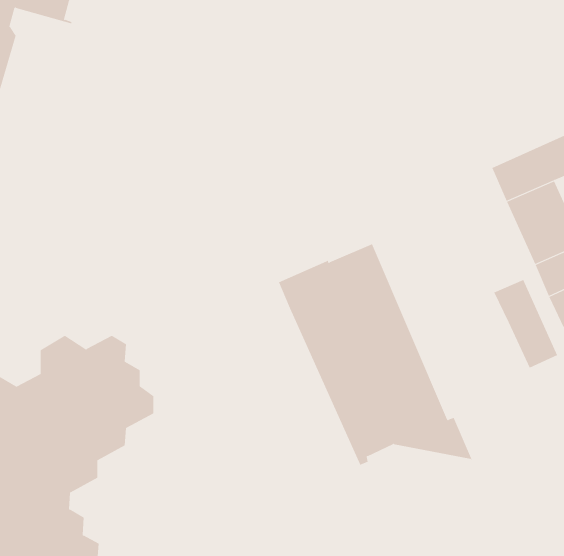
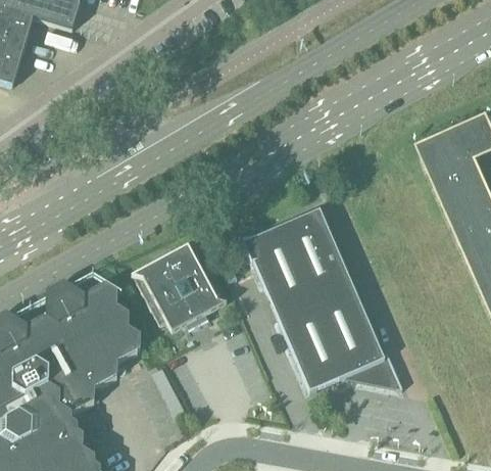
building: [494,279,558,369] -> none
building: none -> [132,244,227,332]

